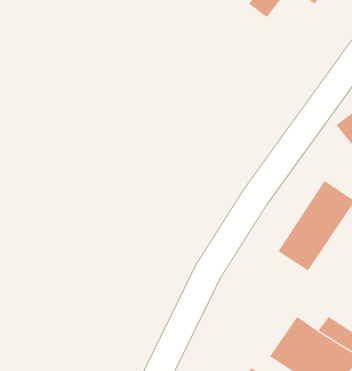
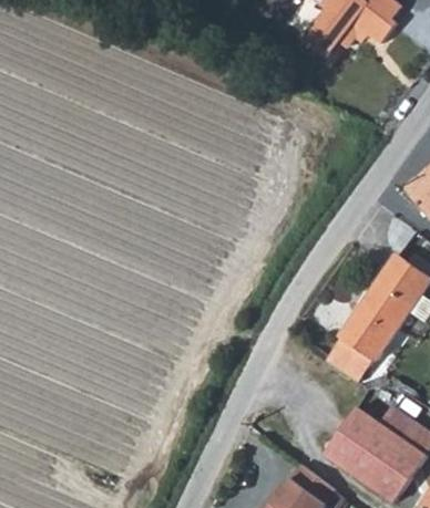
building: none -> [322,332,372,379]

